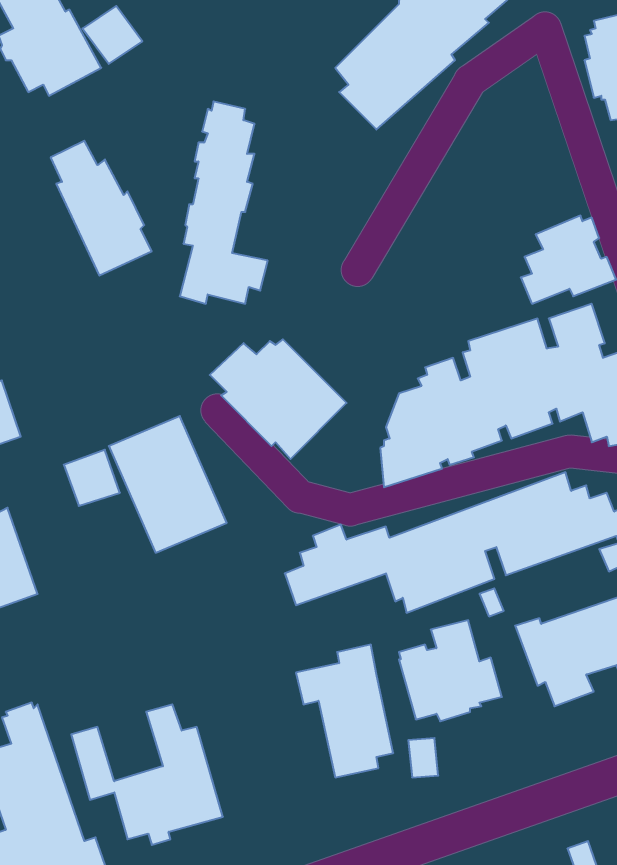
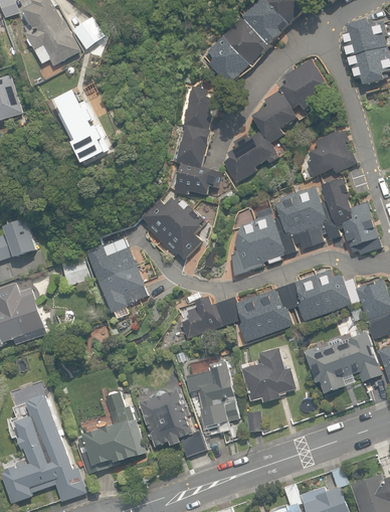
building: none -> [222,59,330,183]
building: [180,101,268,304] -> [173,87,220,195]
building: none -> [139,388,205,456]

